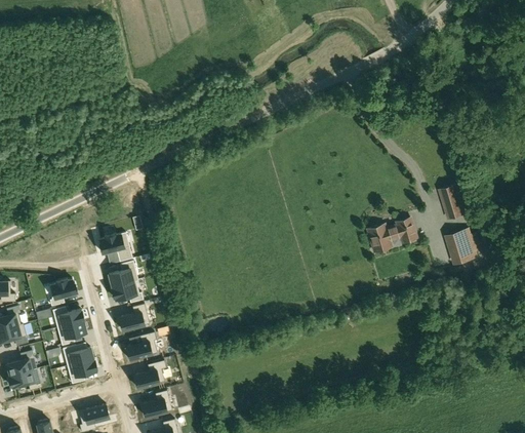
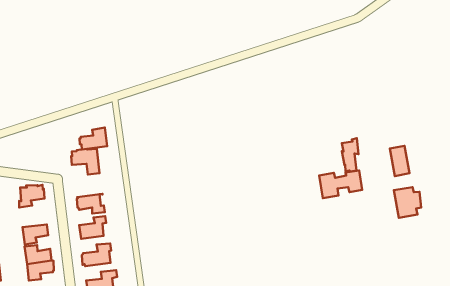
building: none -> [342,138,359,172]
building: [107,260,137,286] -> [79,128,107,149]
building: [51,306,84,326] -> none

